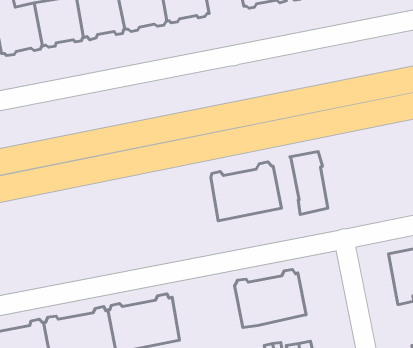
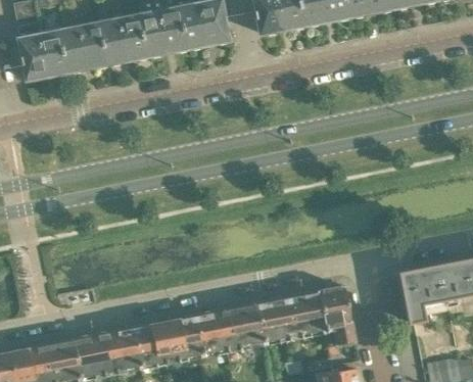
building: [290,151,328,215] -> [315,285,351,346]
building: [211,162,281,221] -> [194,299,263,356]

